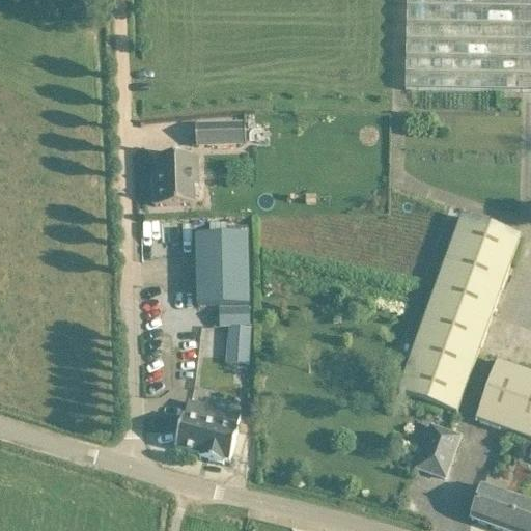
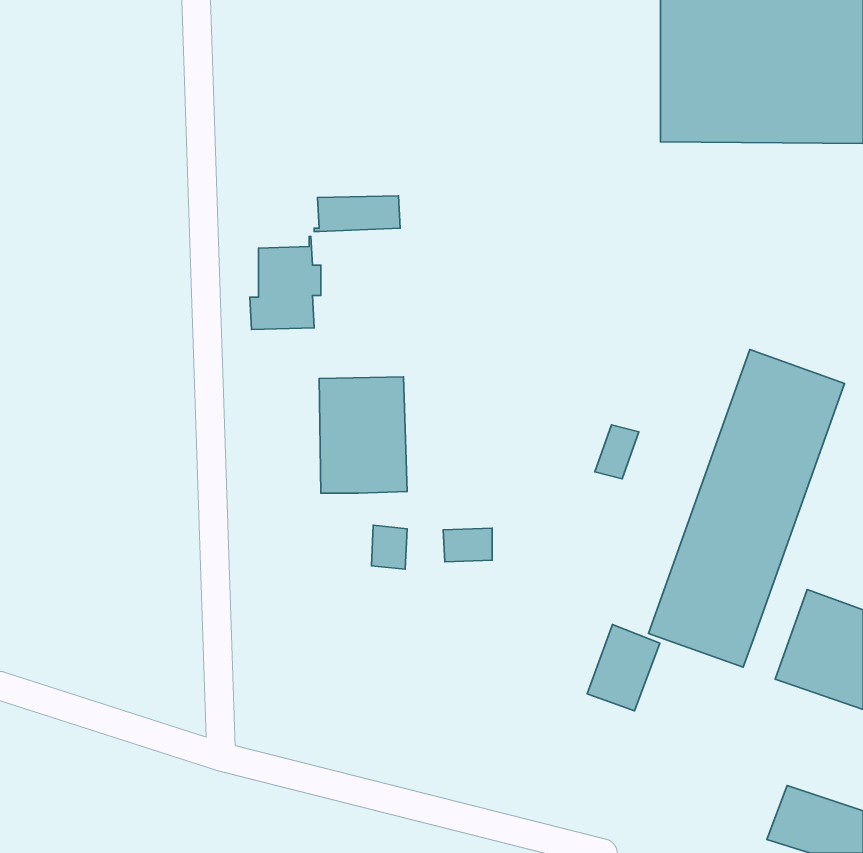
building: none -> [595,425,639,479]
building: [220,302,250,323] -> [443,528,492,562]
building: [175,398,241,460] -> none
building: [416,422,460,475] -> [587,625,660,711]

